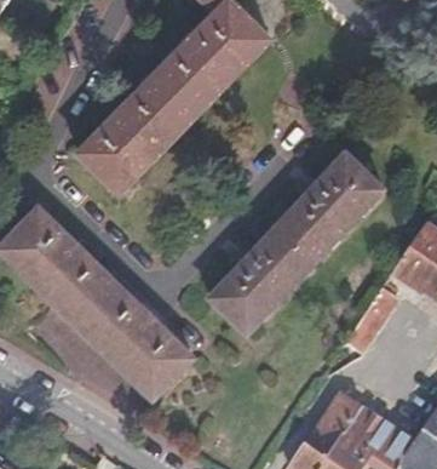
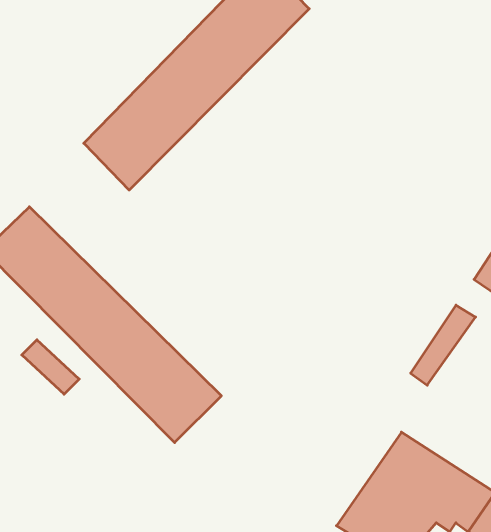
building: [208,159,384,336] -> none

